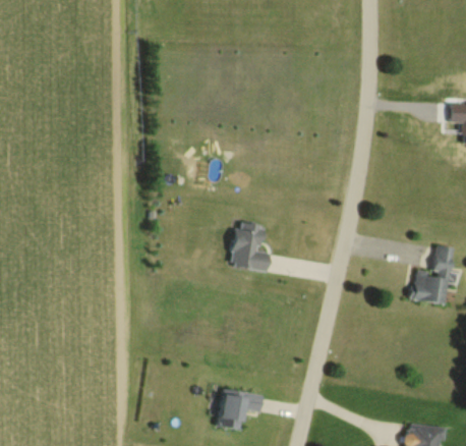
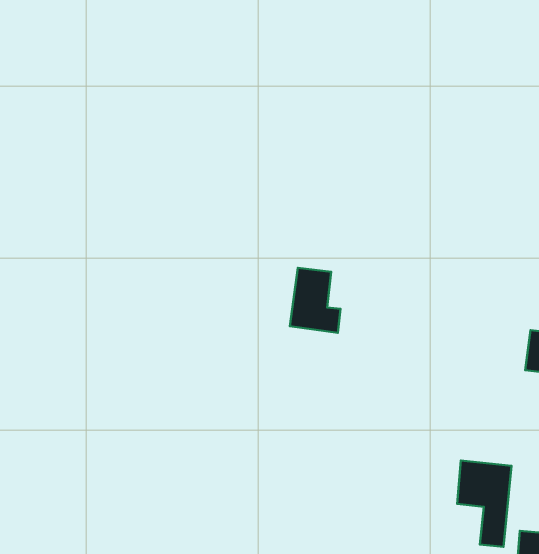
building: none -> [457,460,512,547]
building: [218,389,263,431] -> none

